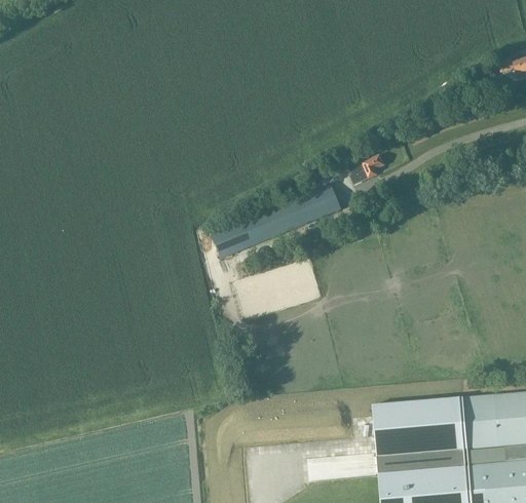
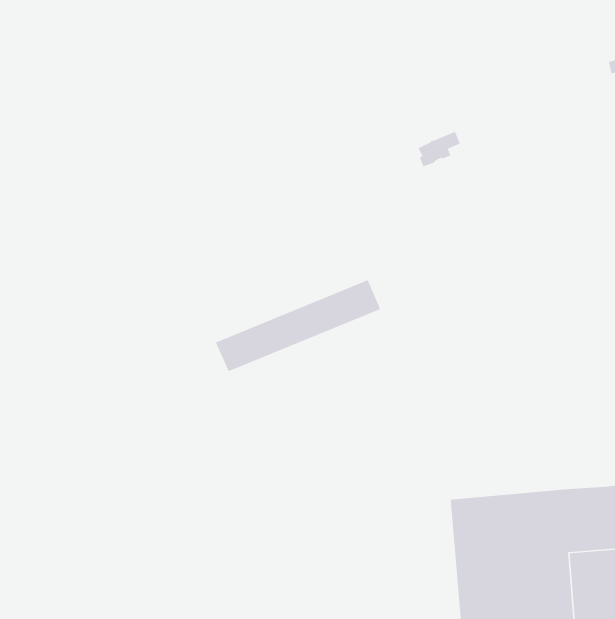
building: [349,155,383,184] -> [417,131,461,168]
building: [210,185,340,258] -> [215,279,381,372]

